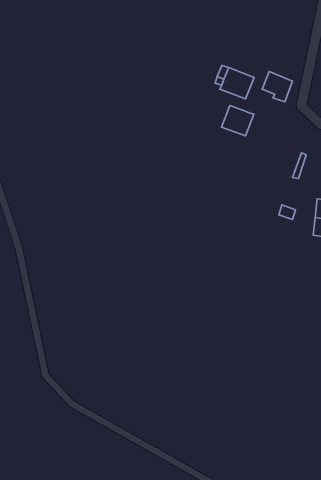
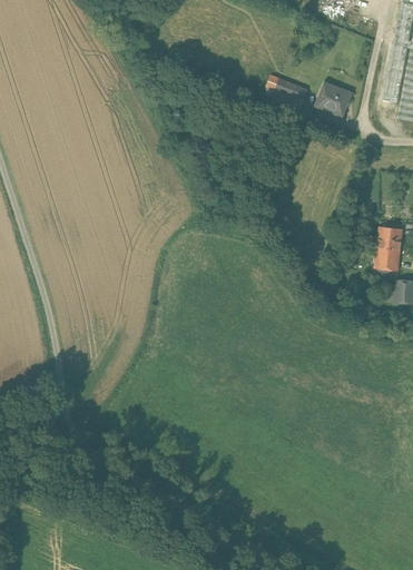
building: [222,105,254,136] -> none

